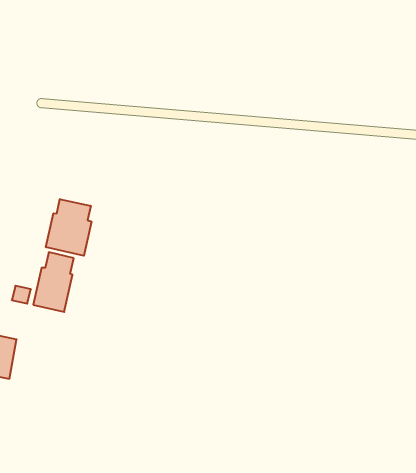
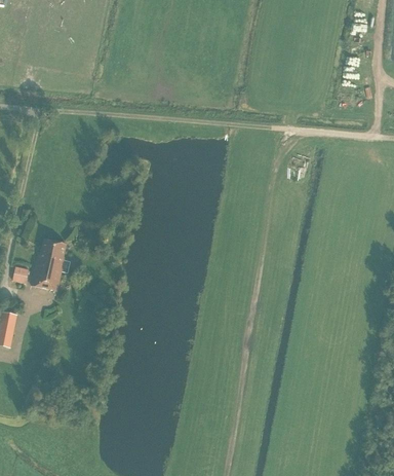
building: [46,199,92,256] -> none

